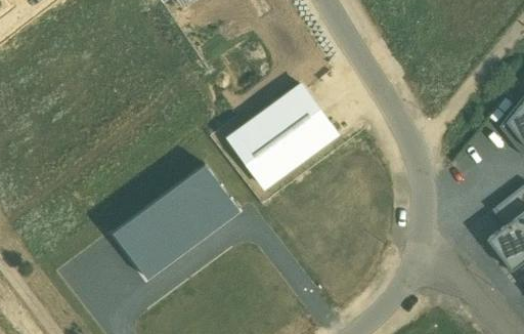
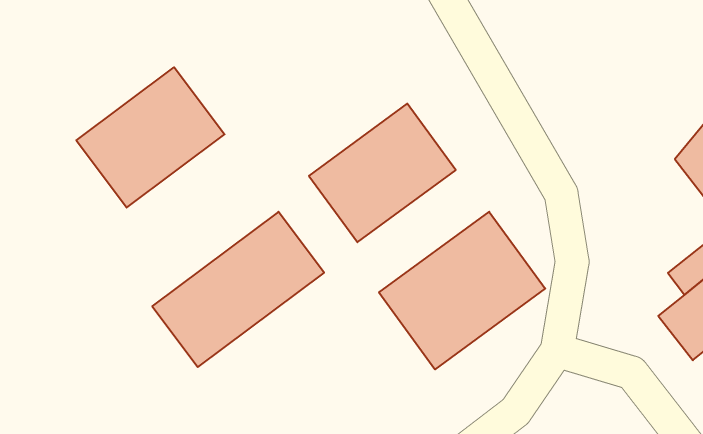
building: none -> [76,67,225,208]
building: none -> [379,212,545,369]

